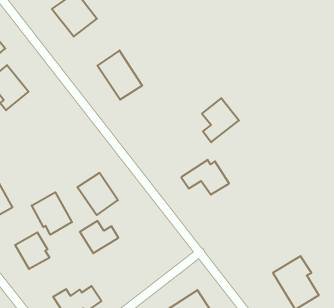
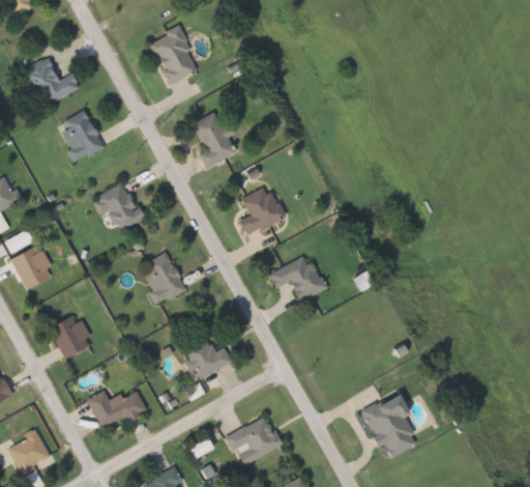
building: [202,98,239,142] -> [239,184,286,237]
building: none -> [93,181,145,231]
building: [32,192,72,235] -> none
building: [80,221,118,253] -> [184,339,231,378]

